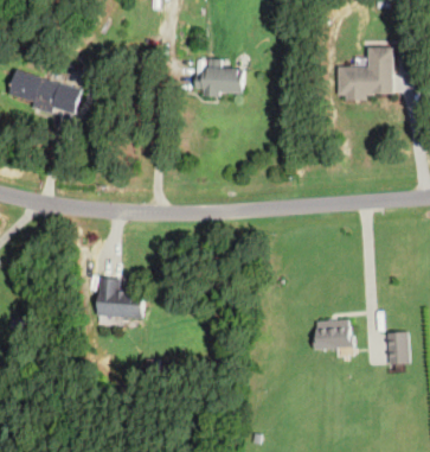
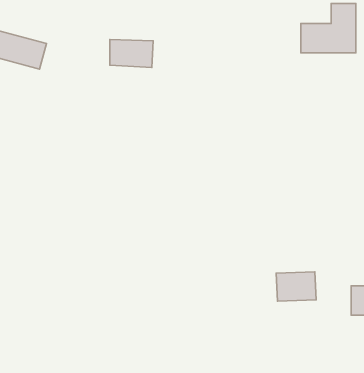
building: [200,65,244,94] -> [110,40,153,68]
building: [96,278,143,317] -> none

